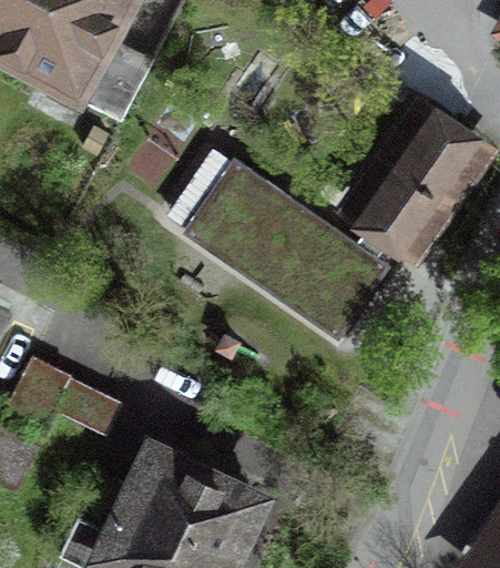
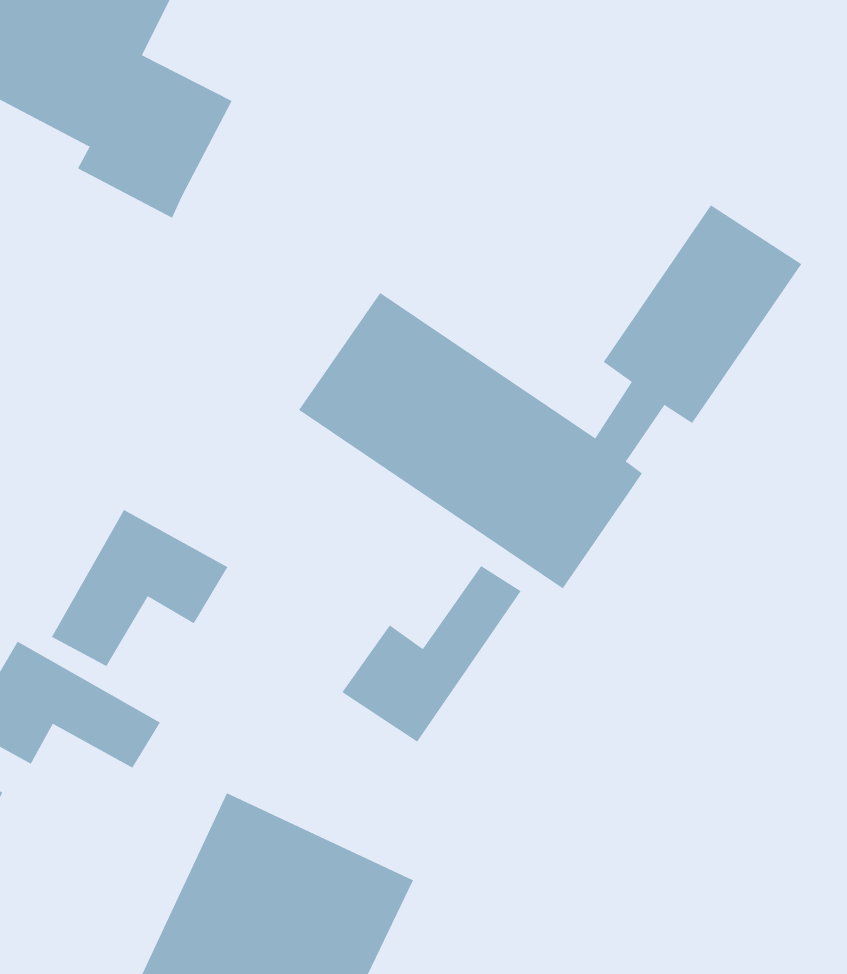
building: none -> [51,509,228,667]
building: none -> [342,565,521,742]

